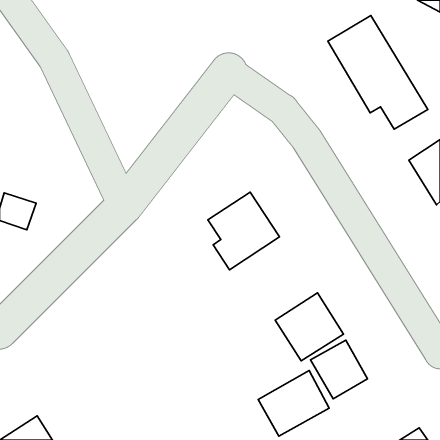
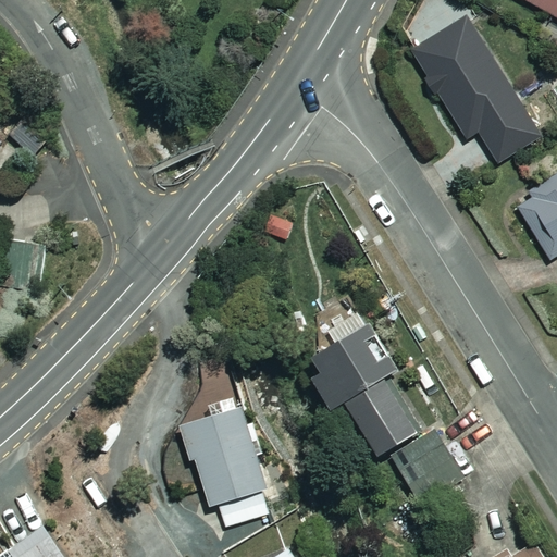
building: [208,192,279,270] -> [306,312,396,410]
building: none -> [181,408,273,525]
building: [258,371,329,436] -> none

